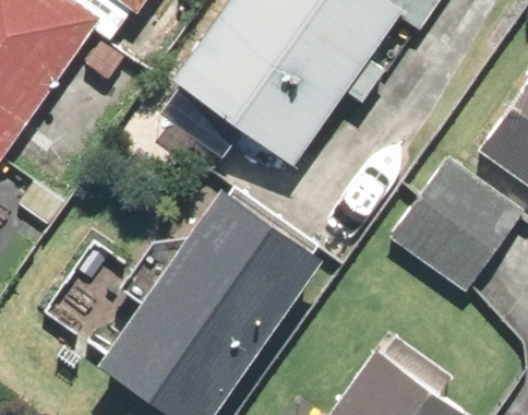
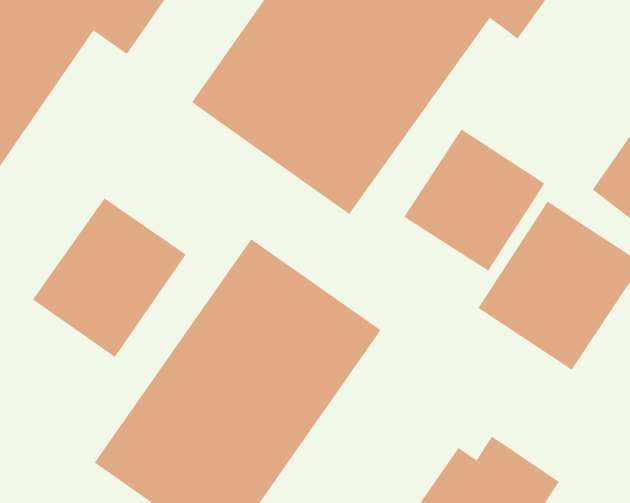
building: none -> [404,128,545,271]
building: none -> [32,197,187,358]

